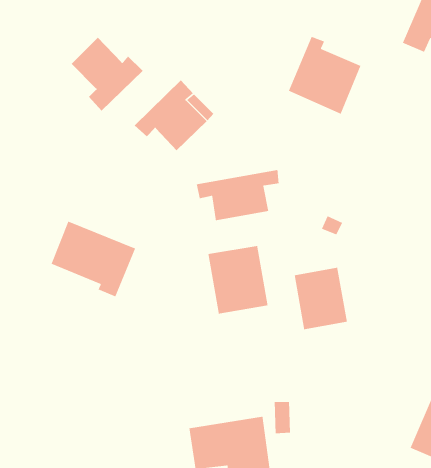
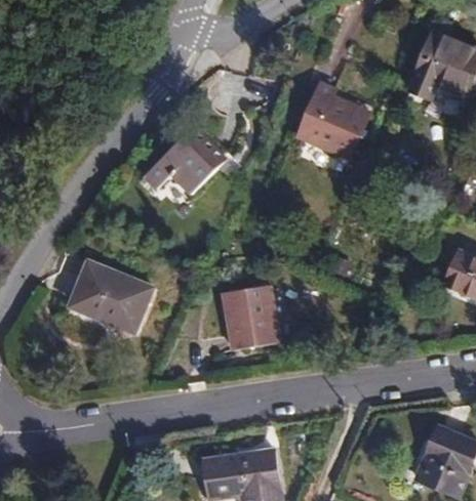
building: [71,37,143,112] -> none
building: [196,169,279,221] -> none
building: [294,267,348,330] -> none

